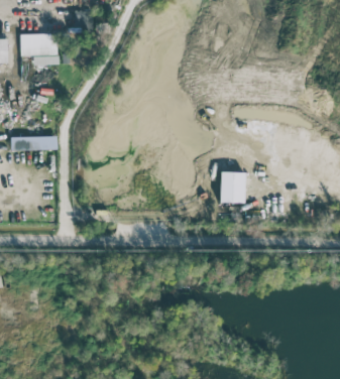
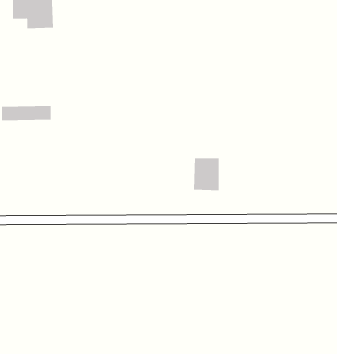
building: [220,172,244,203] -> [193,158,219,191]

